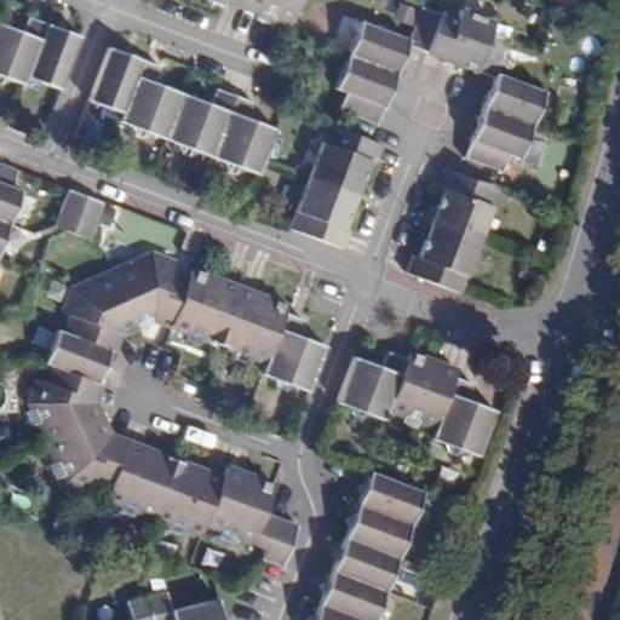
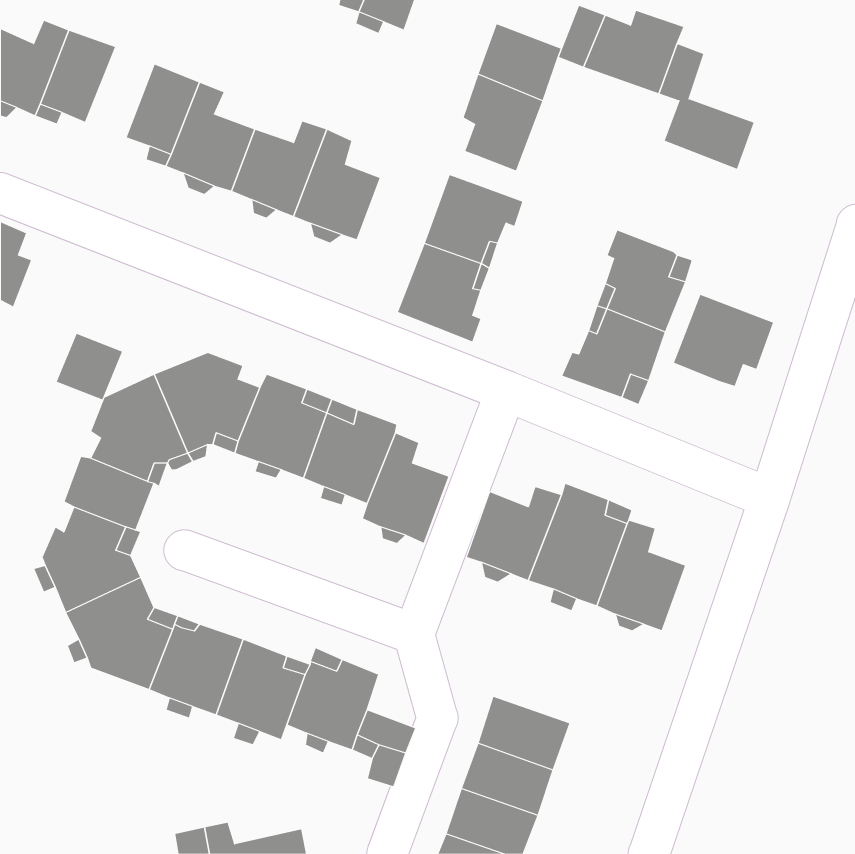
building: [461,102,534,168] -> [673,294,774,386]
building: [57,189,105,237] -> [56,333,123,400]
building: [357,467,425,522] -> none

